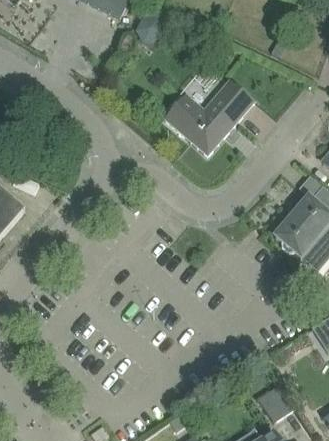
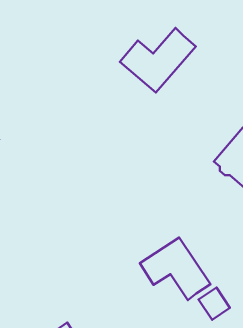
building: none -> [140,237,210,300]

